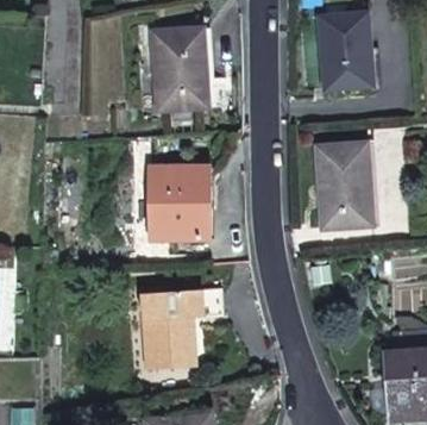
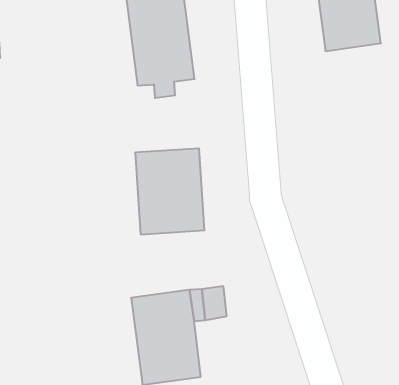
building: [318,143,372,227] -> none

